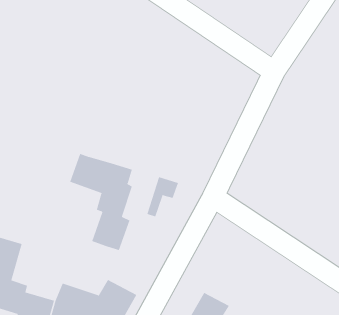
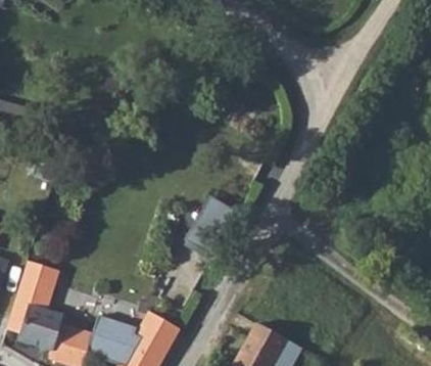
building: [70,153,132,251] -> none

